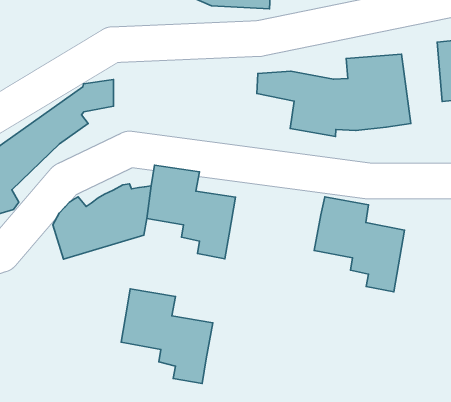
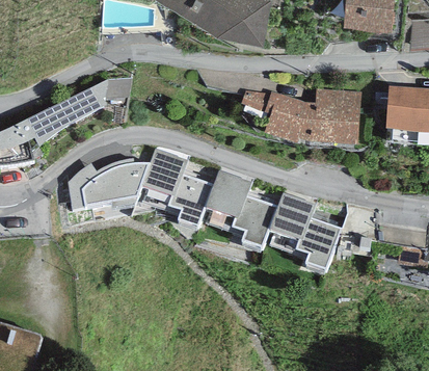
building: [121,289,213,383] -> [204,170,277,253]

